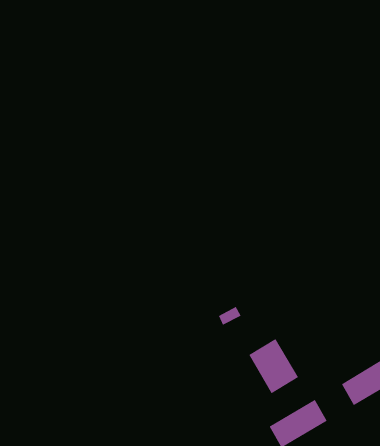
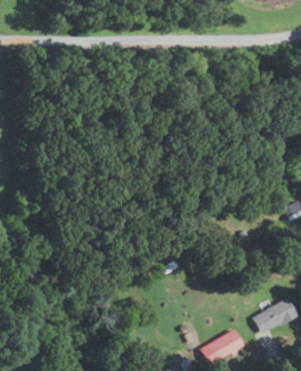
building: [248,338,299,394] -> none

